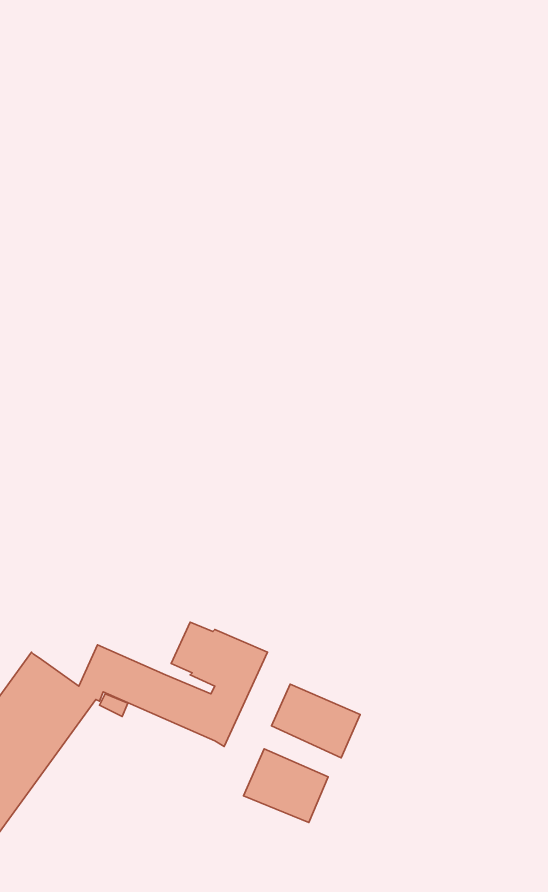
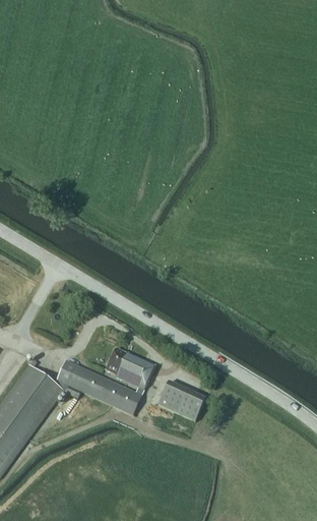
building: [244,749,328,822] -> none

